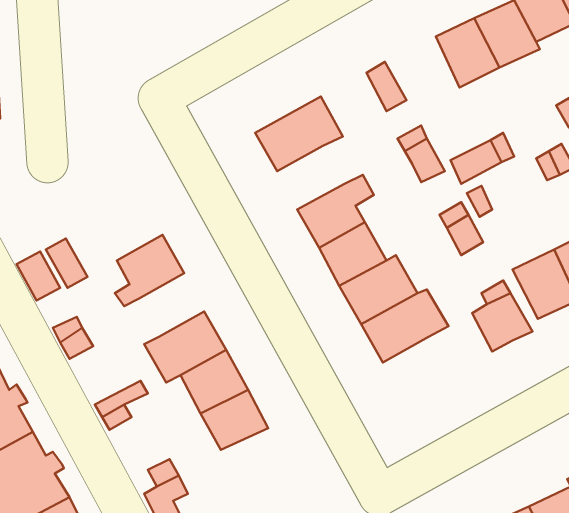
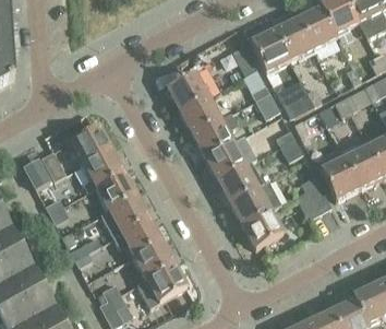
building: none -> [250,27,288,70]
building: none -> [179,93,219,131]
building: none -> [64,124,110,162]
building: none -> [96,169,135,208]
building: none -> [242,208,282,246]
building: none -> [136,262,185,305]

